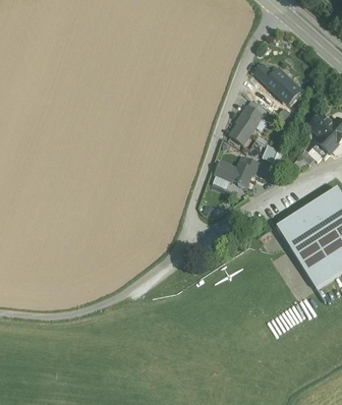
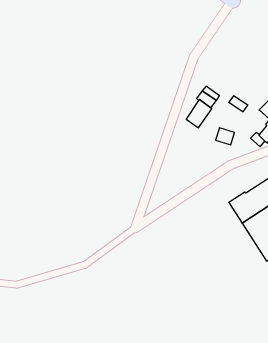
building: [255,65,300,102] -> none
building: [215,158,259,187] -> none

